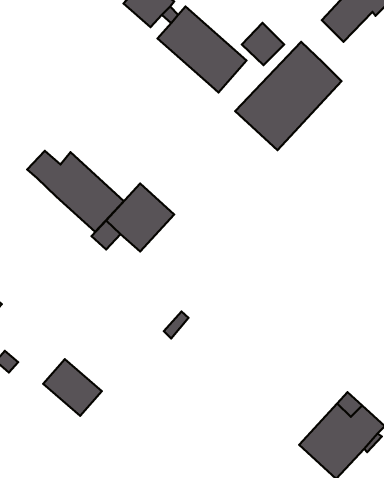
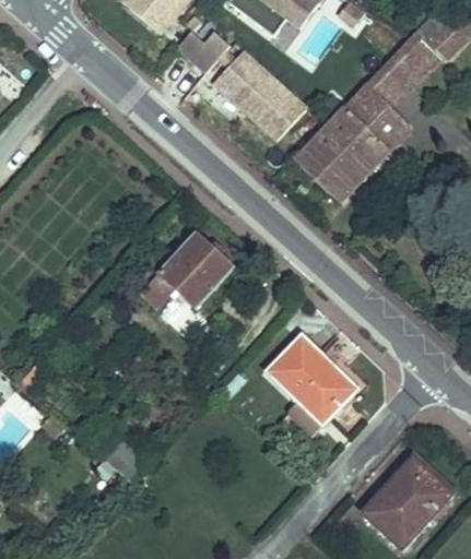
building: [242,23,284,65] -> [364,62,409,107]
building: [27,151,124,232] -> none
building: none -> [267,333,356,435]

